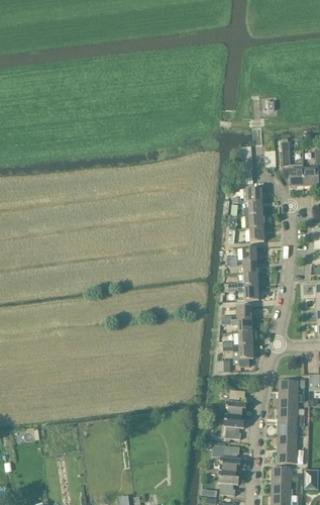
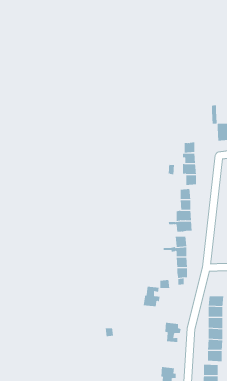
building: [224,389,246,415] -> [143,286,160,307]
building: [219,445,240,471] -> none

